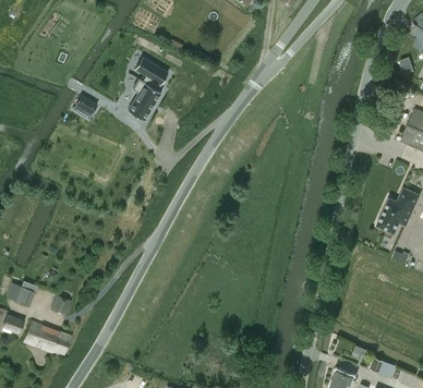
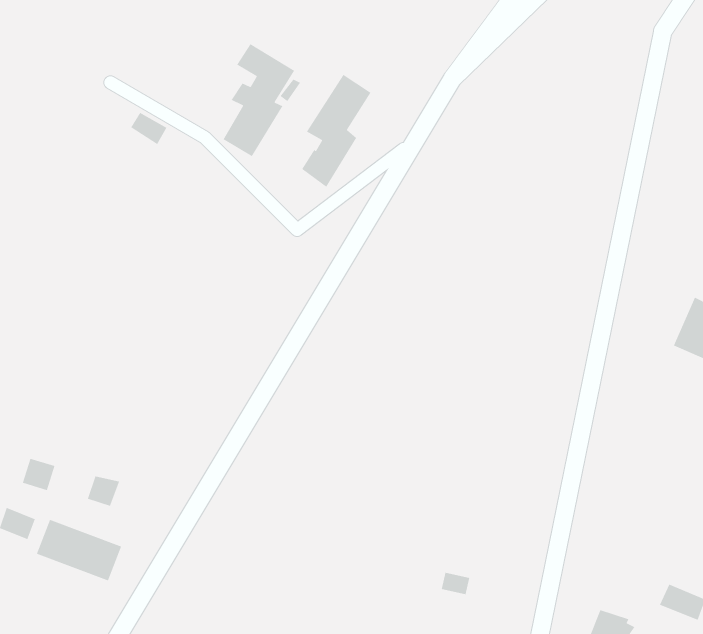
building: none -> [301,74,372,188]

